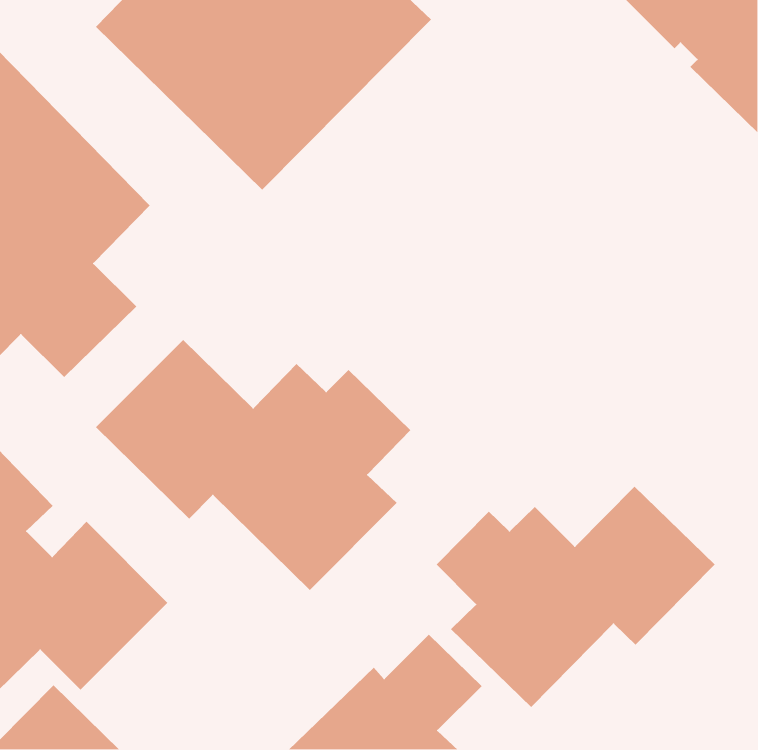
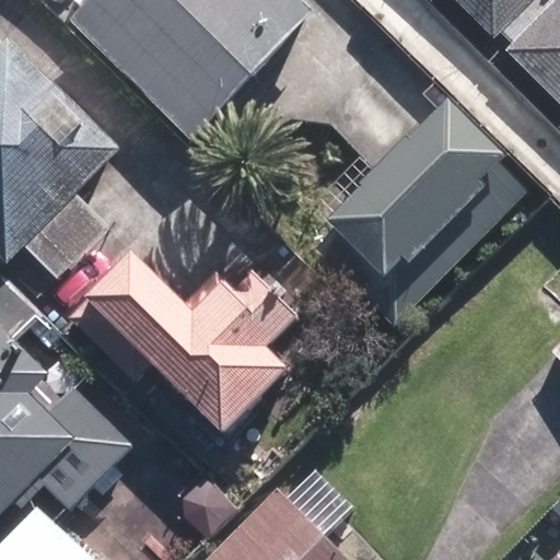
building: none -> [316,100,528,323]
building: [436,486,715,708] -> none

